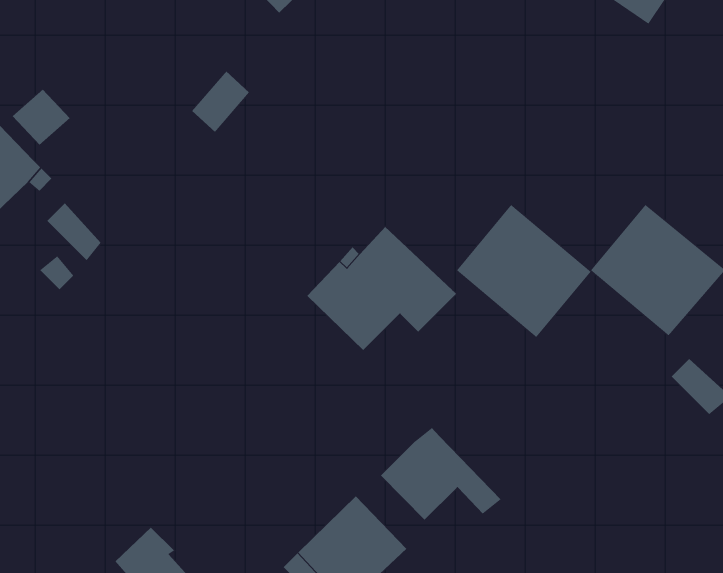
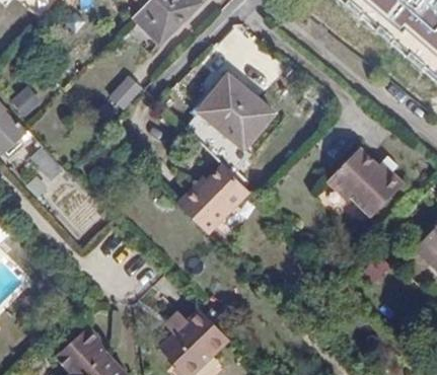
building: [456,204,591,338] -> [197,74,272,148]
building: [380,427,501,521] -> none

